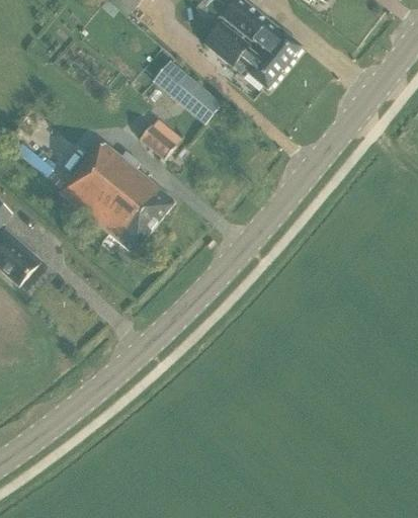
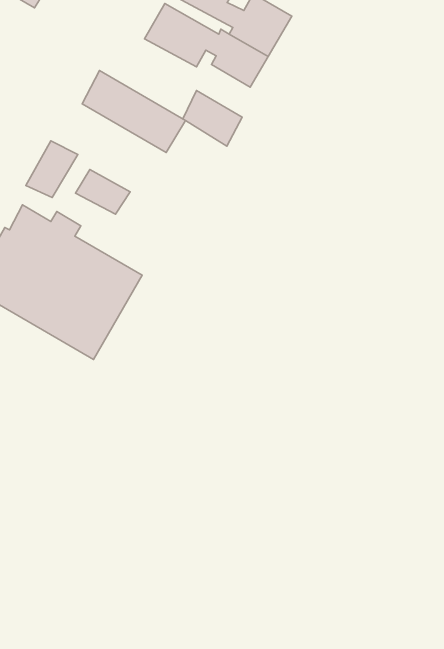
building: none -> [183,91,242,146]
building: none -> [26,141,78,197]

